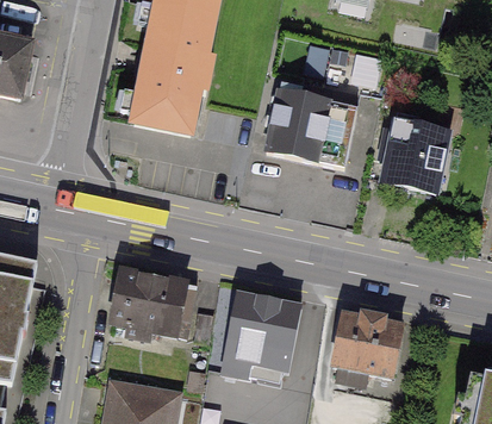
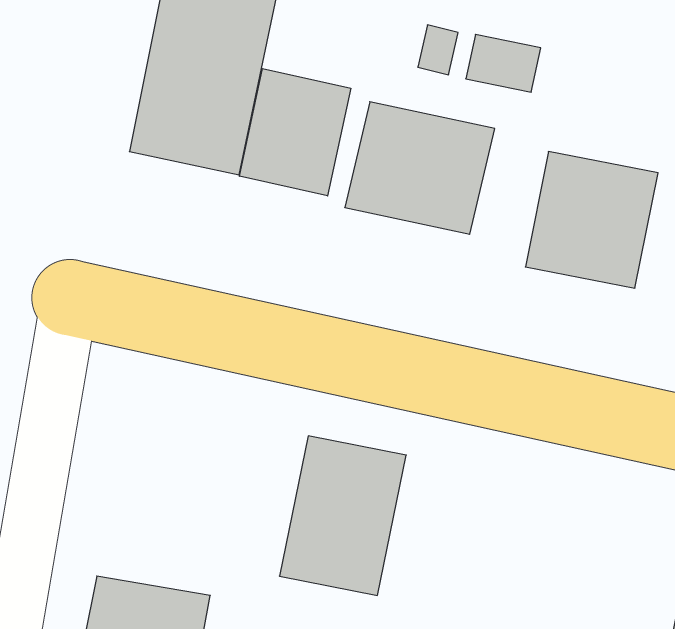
building: none -> [239,69,351,196]
building: [110,264,191,341] -> none
building: [331,310,407,394] -> none

